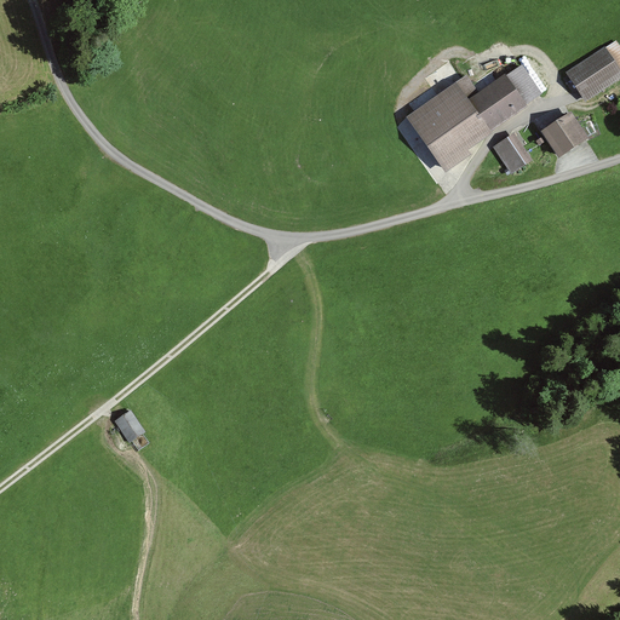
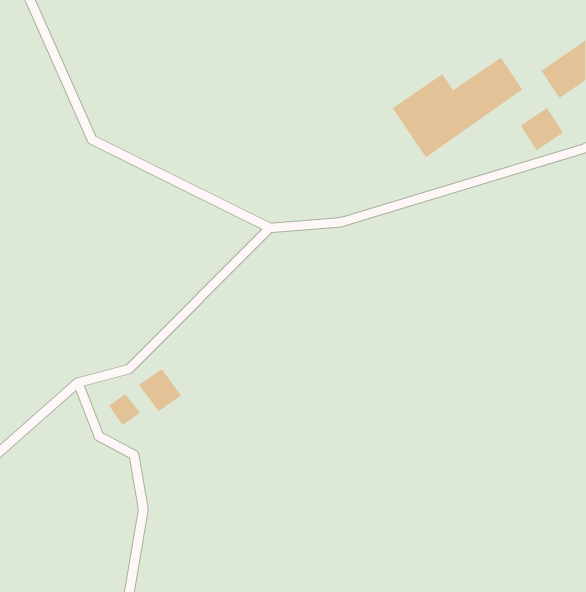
building: [492,136,528,172] -> none
building: none -> [138,368,182,412]

